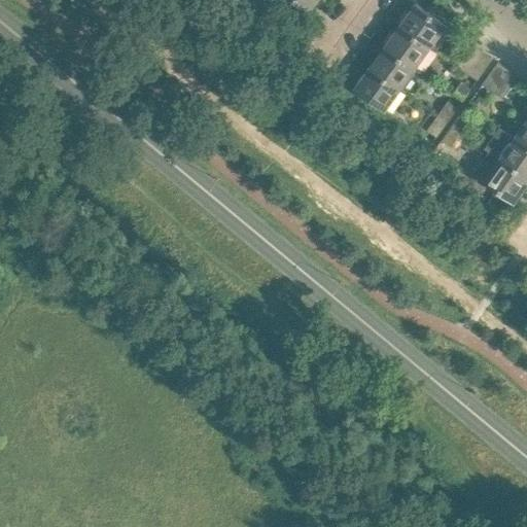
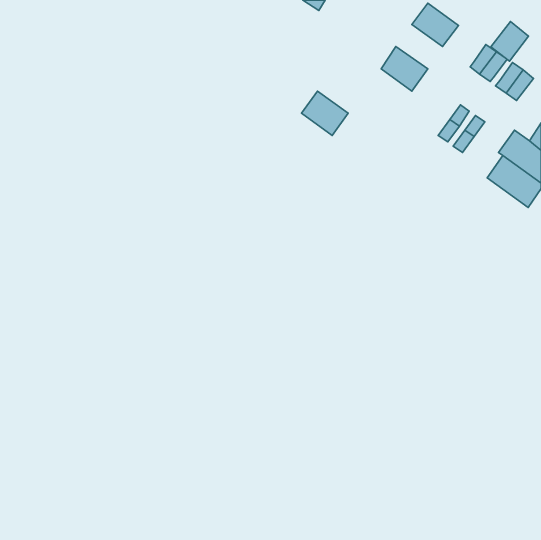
building: none -> [491,21,529,61]
building: [385,25,430,68] -> none
building: [355,68,400,111] -> [302,91,348,136]

